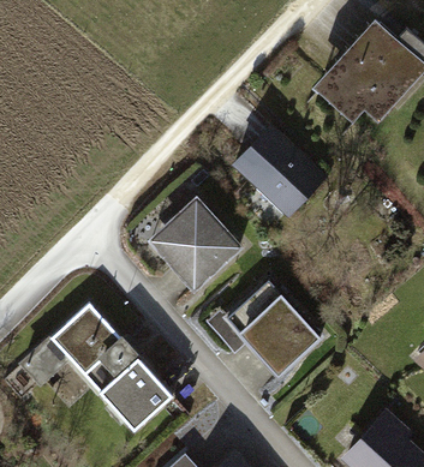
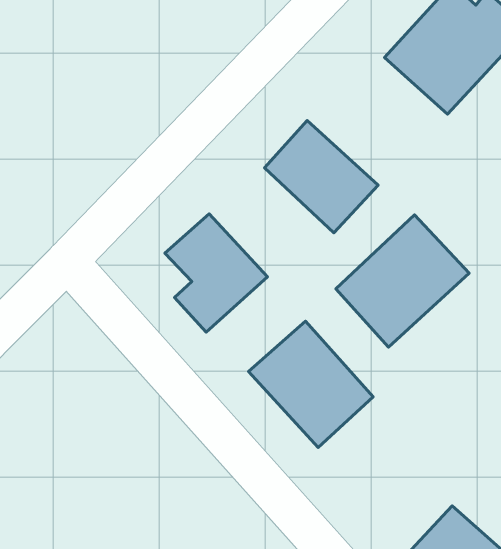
building: none -> [336,215,469,347]
building: [50,303,173,430] -> none

